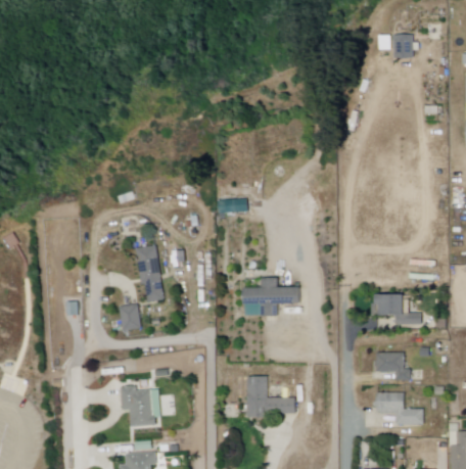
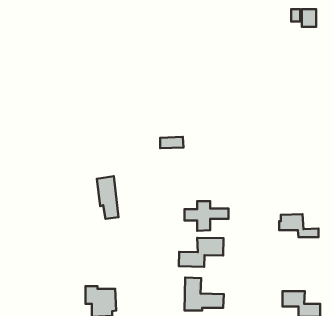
building: [119,306,141,330] -> none
building: none -> [179,238,224,267]
building: [372,353,408,382] -> none

